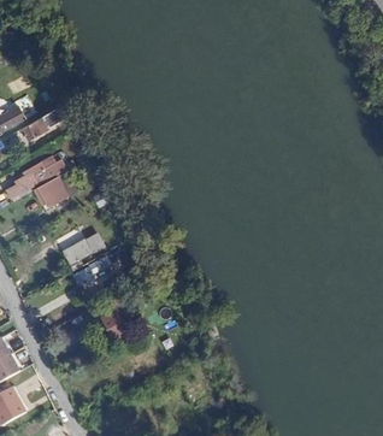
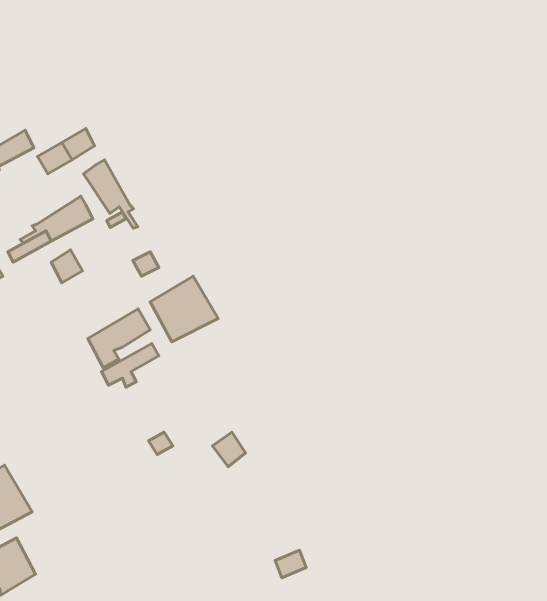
building: none -> [84,160,138,228]
building: none -> [150,276,218,342]

